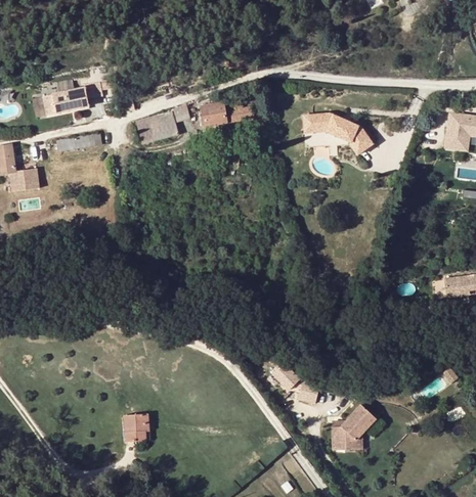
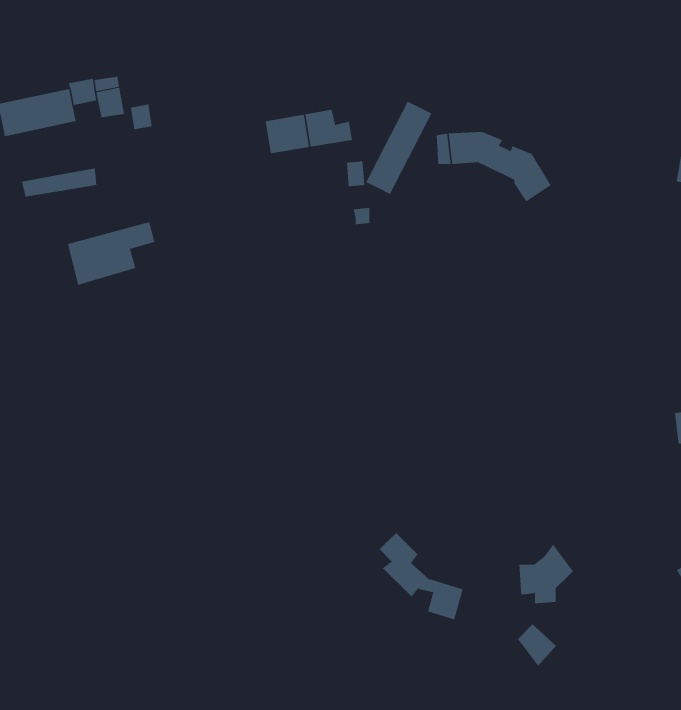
building: none -> [366,101,432,195]
building: [137,106,189,144] -> [67,221,155,285]
building: [331,413,363,449] -> [519,543,574,604]
building: [124,414,148,442] -> none

